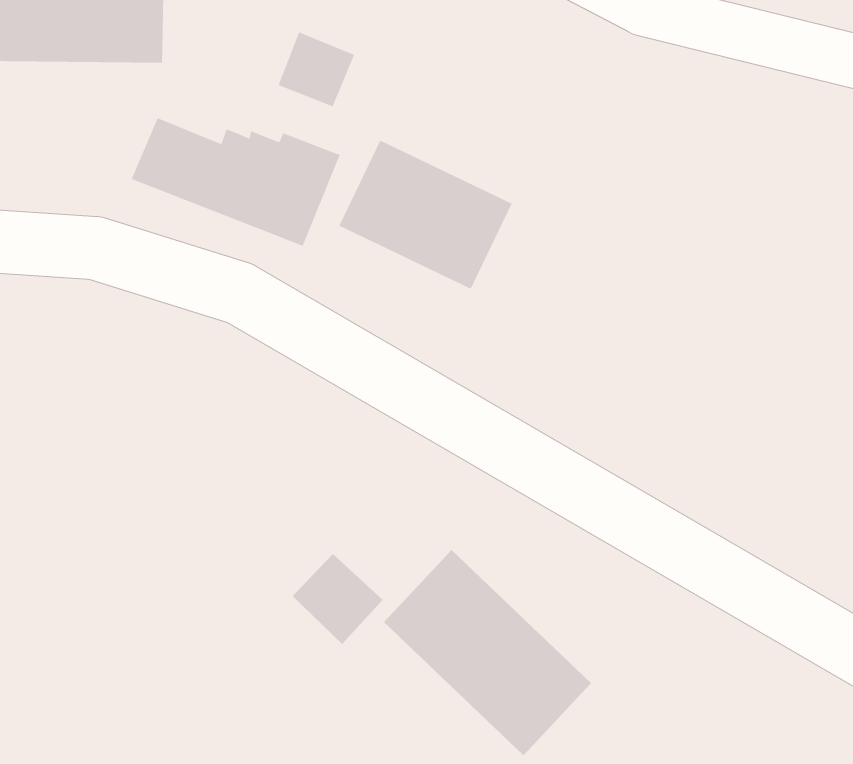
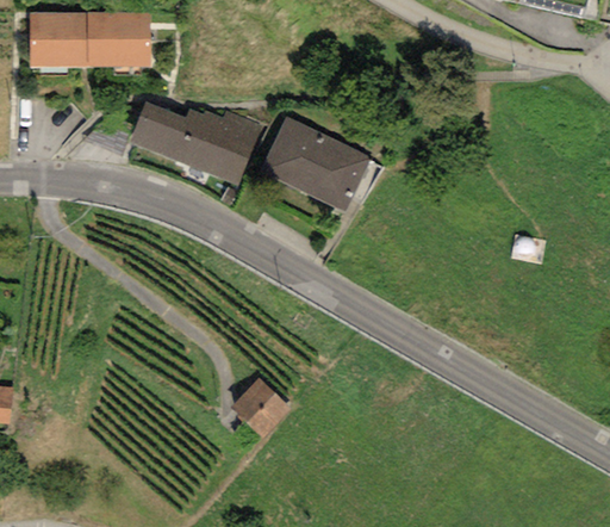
building: [278,31,355,107] -> none
building: [383,549,592,756] -> none

